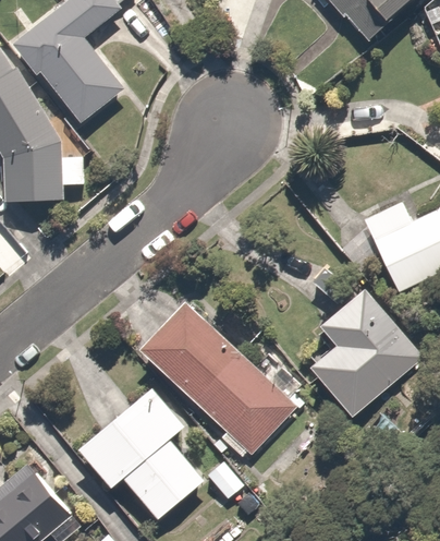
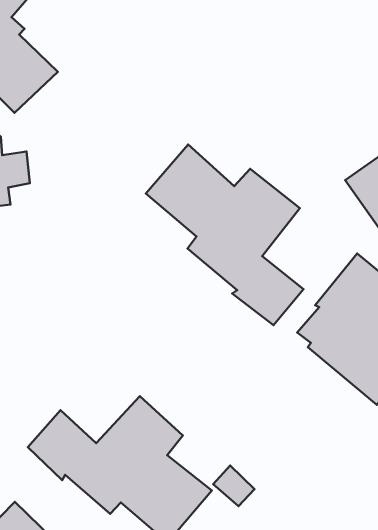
building: none -> [146,145,303,325]
building: [136,299,297,457] -> none

